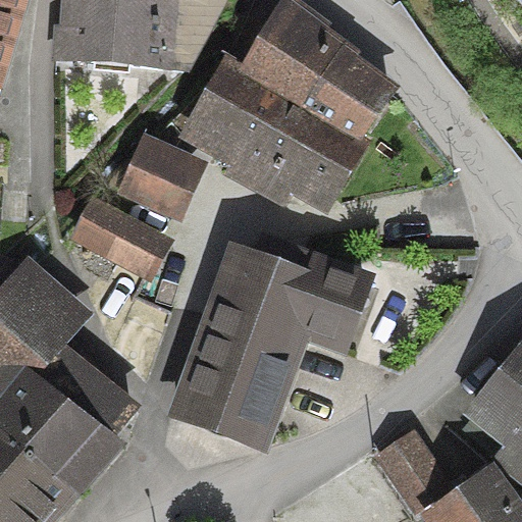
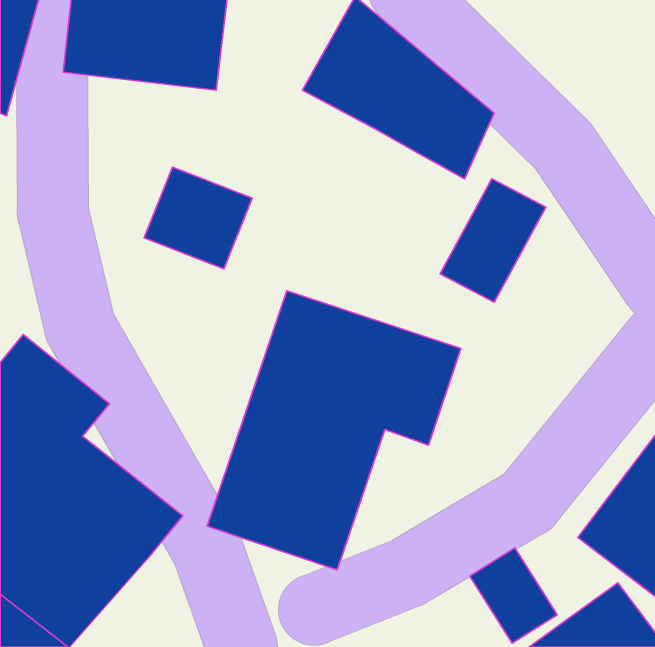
building: [177,59,370,214] -> none
building: none -> [440,179,546,302]
building: [65,189,168,304] -> none

